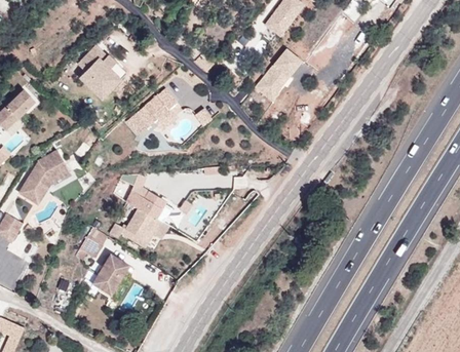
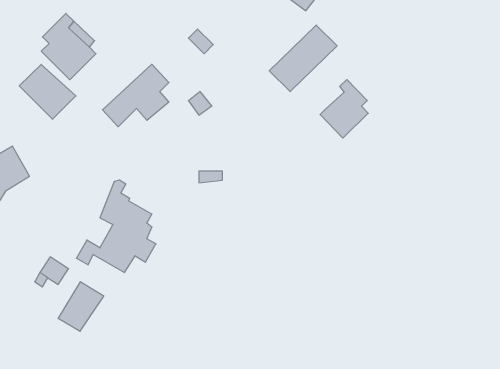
building: none -> [19,64,76,119]
building: none -> [320,80,368,138]

